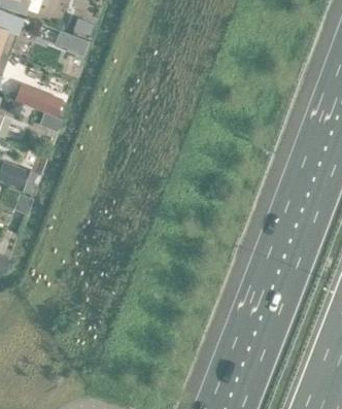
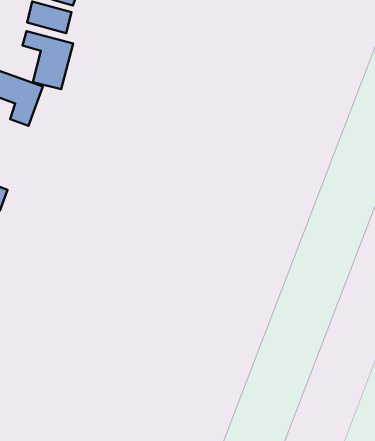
building: none -> [23,31,73,89]

